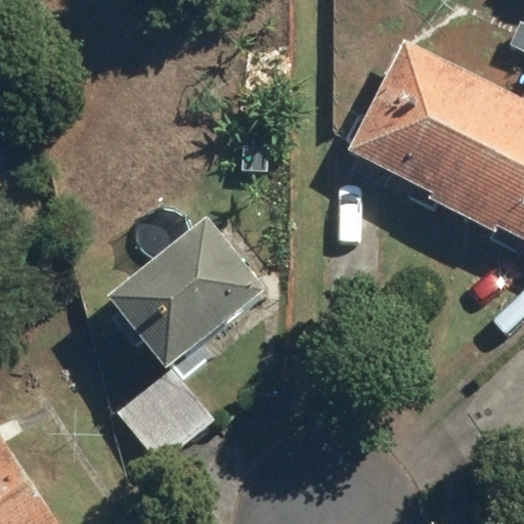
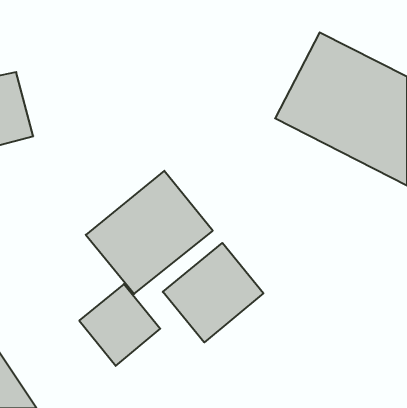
building: none -> [163,243,263,342]

